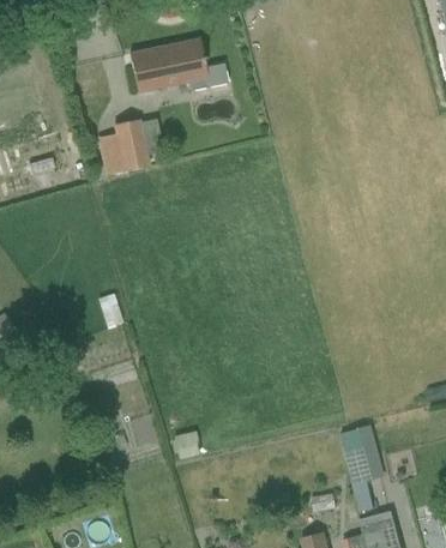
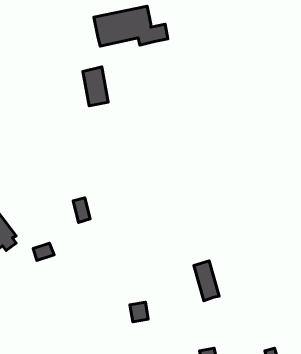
building: [339,427,373,480] -> [194,261,219,301]

